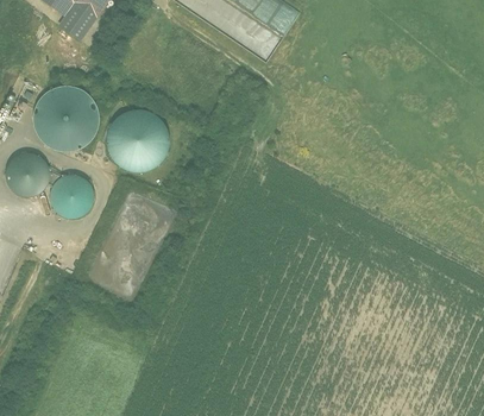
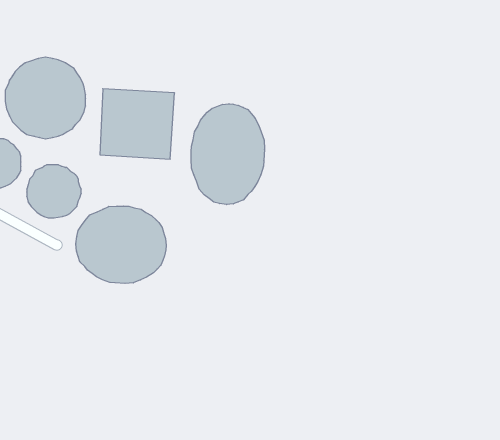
building: none -> [191,104,264,205]
building: none -> [76,206,166,283]

